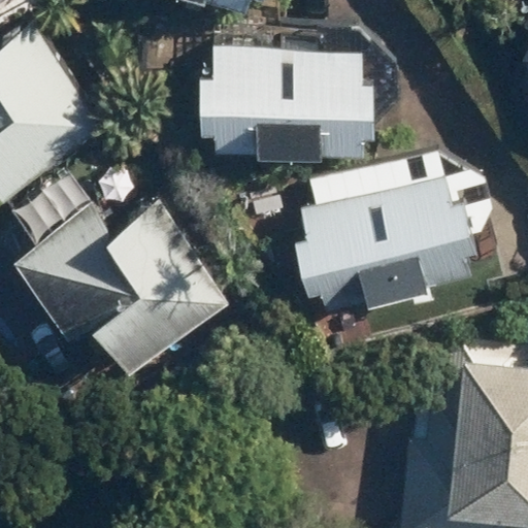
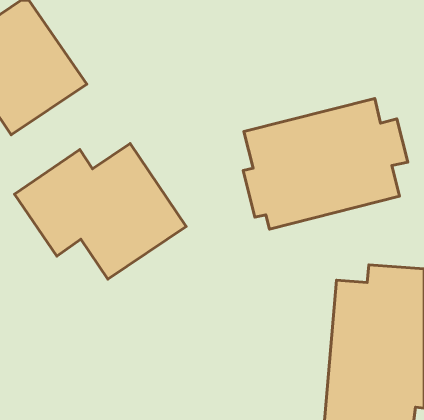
building: [201,37,381,144] -> none

